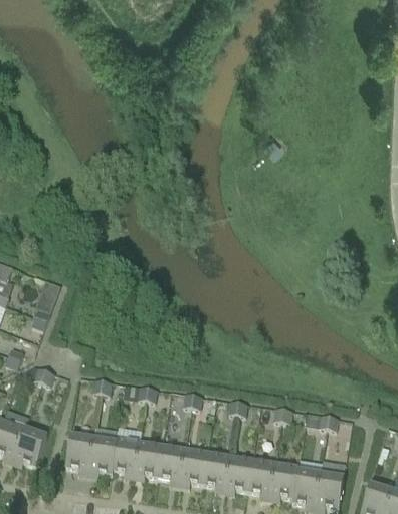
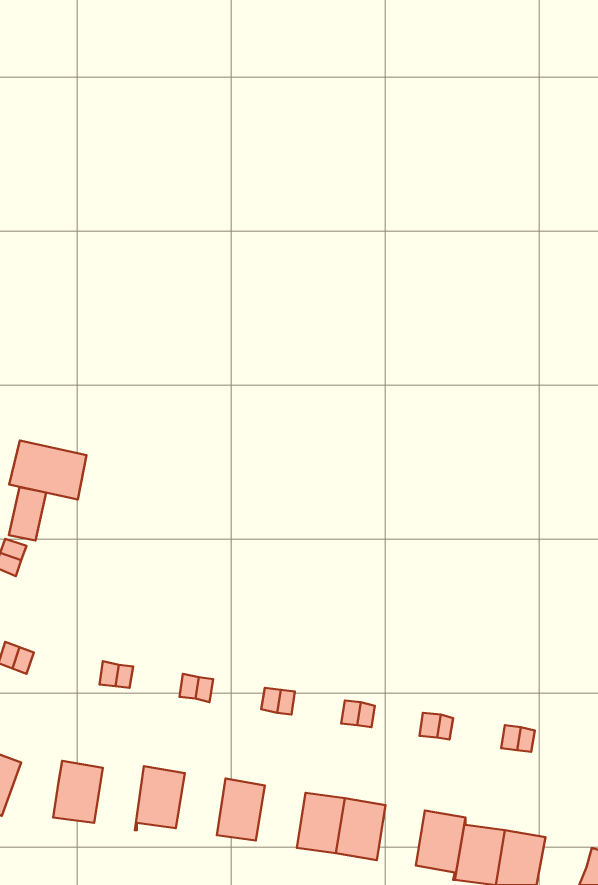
building: none -> [9,441,86,500]
building: [87,438,116,474] -> none
building: [134,442,162,477] -> none
building: [179,449,207,484] -> none
building: [247,460,274,494] -> none

